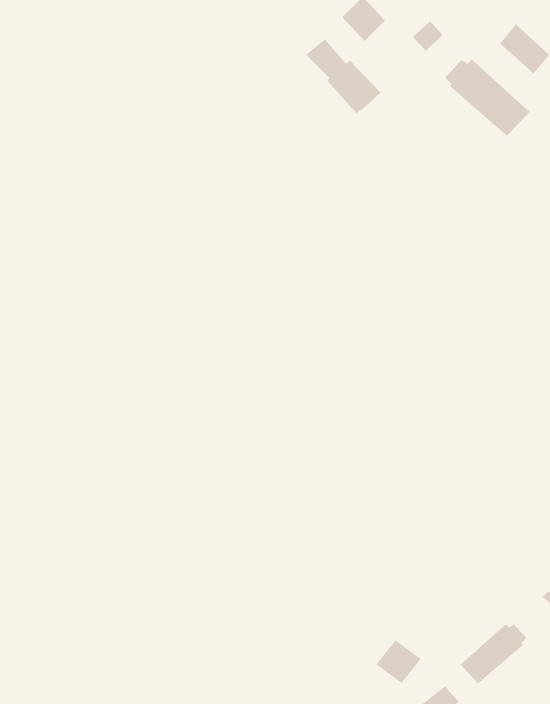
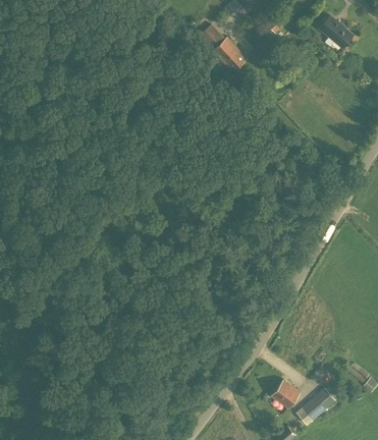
building: [445,59,530,137] -> none
building: [375,639,421,684] -> [271,380,300,407]

